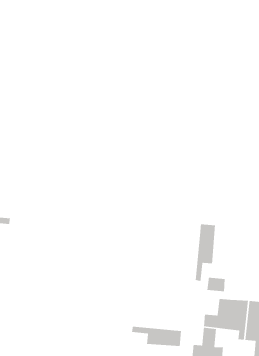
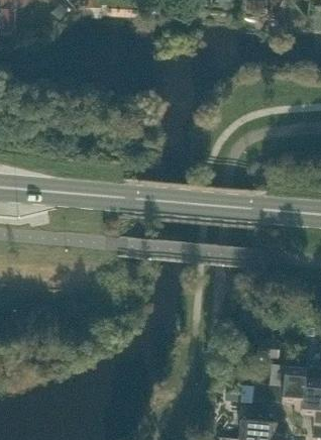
building: [195,224,216,282] -> none
building: [131,326,182,347] -> none

